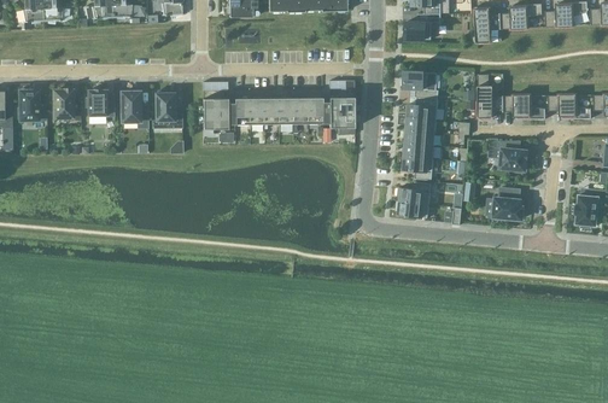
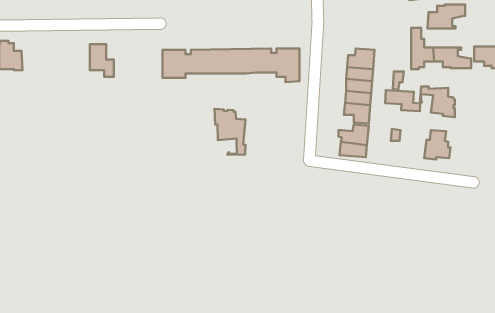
building: none -> [428,5,465,29]
building: [404,70,439,98] -> none
building: [54,89,81,119] -> none
building: [86,89,115,116] -> none
building: [156,90,182,128] -> none
building: none -> [385,90,420,111]
building: none -> [215,109,246,155]

